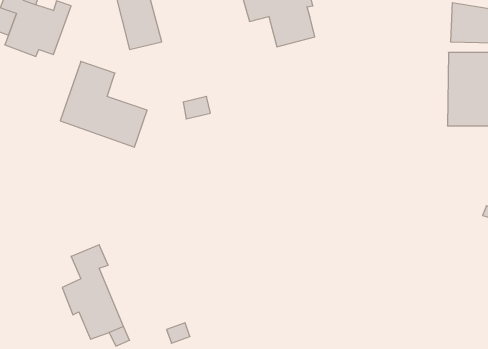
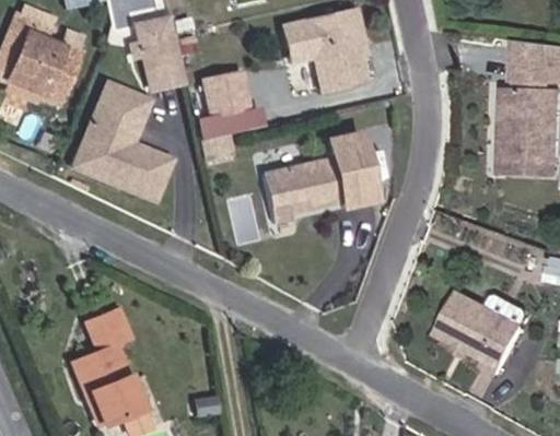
building: none -> [198,67,266,145]
building: none -> [96,84,148,144]
building: none -> [269,138,382,233]
building: none -> [438,294,520,369]

